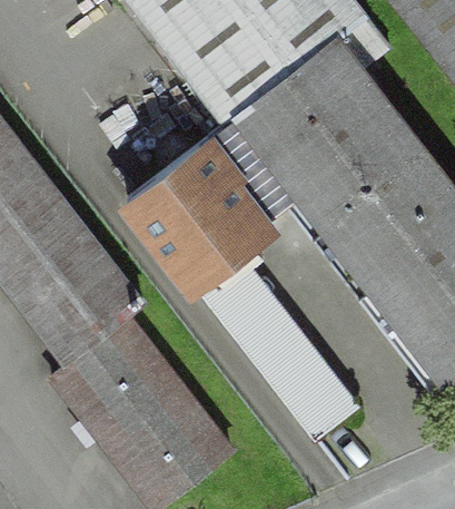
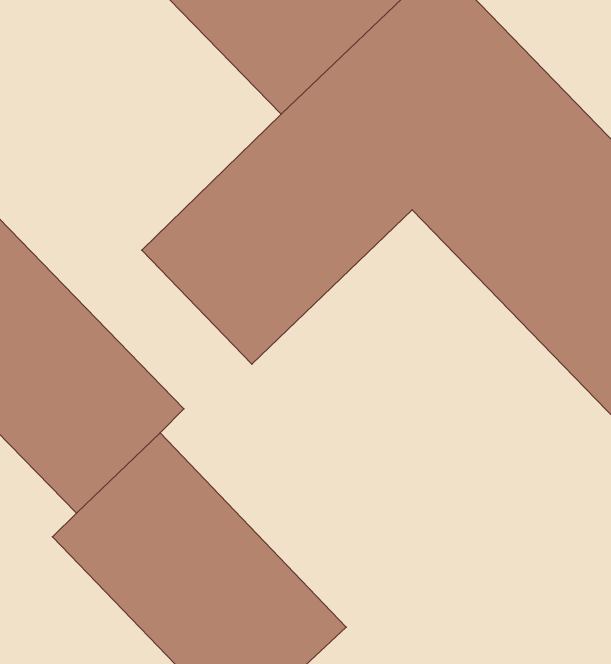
building: [196,244,359,432] -> none

